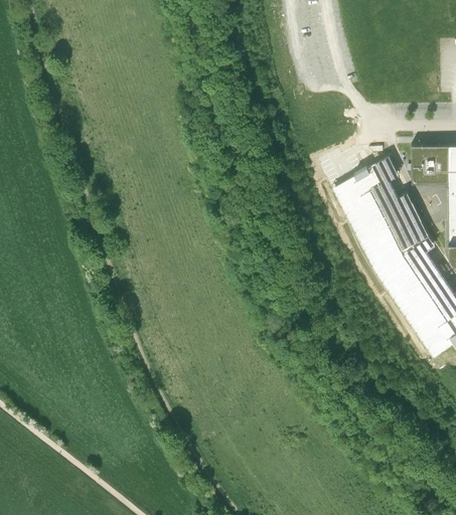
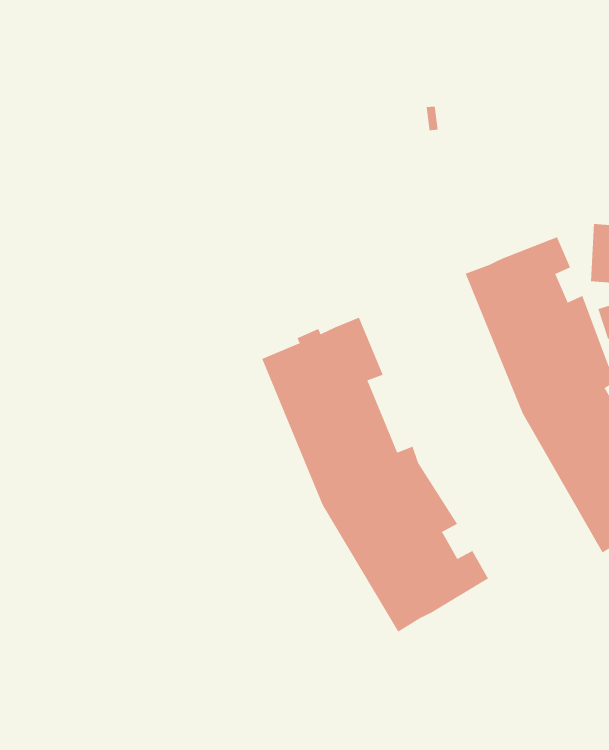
building: none -> [261,317,489,633]

